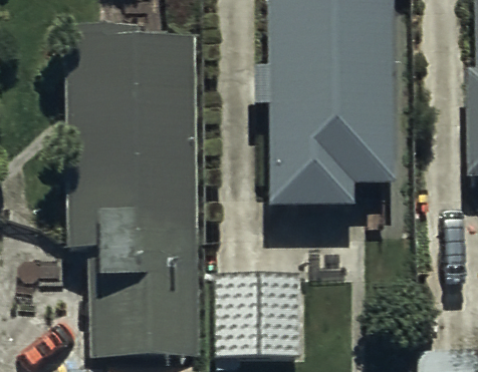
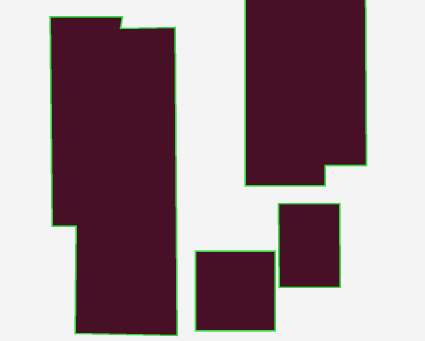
building: none -> [279,203,340,288]

